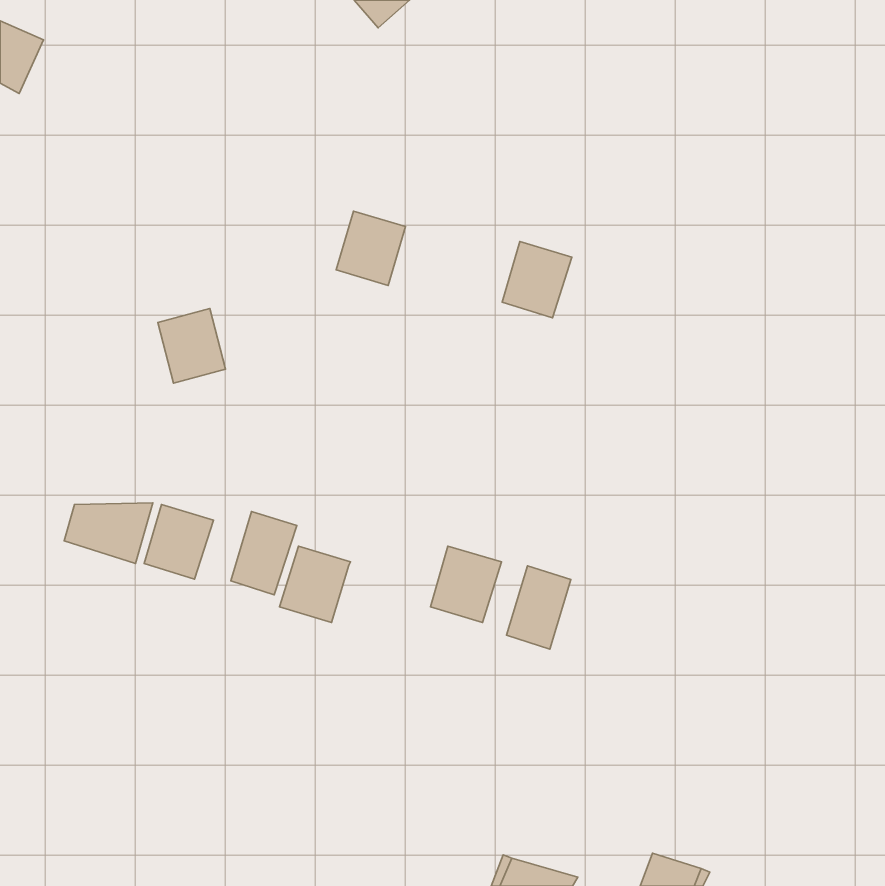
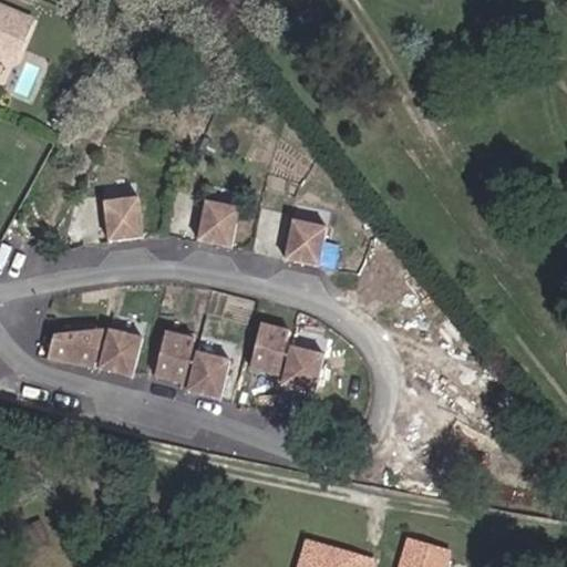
building: [336,211,405,286] -> [199,197,244,245]
building: [502,241,572,318] -> [286,223,330,271]
building: [507,566,571,649] -> [245,323,286,377]

